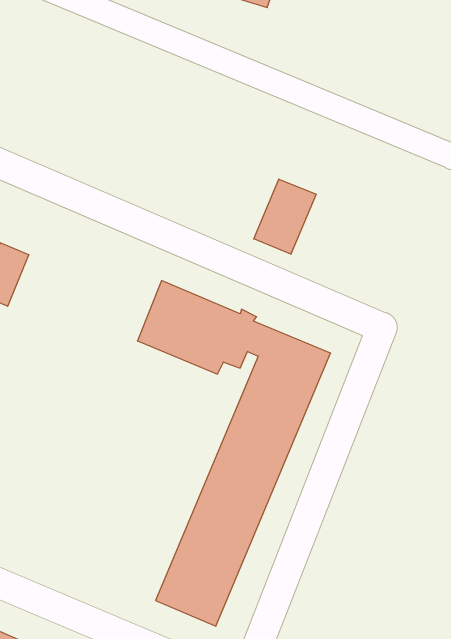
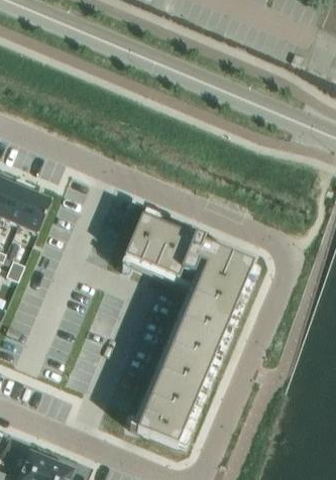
building: [254,179,316,254] -> none

